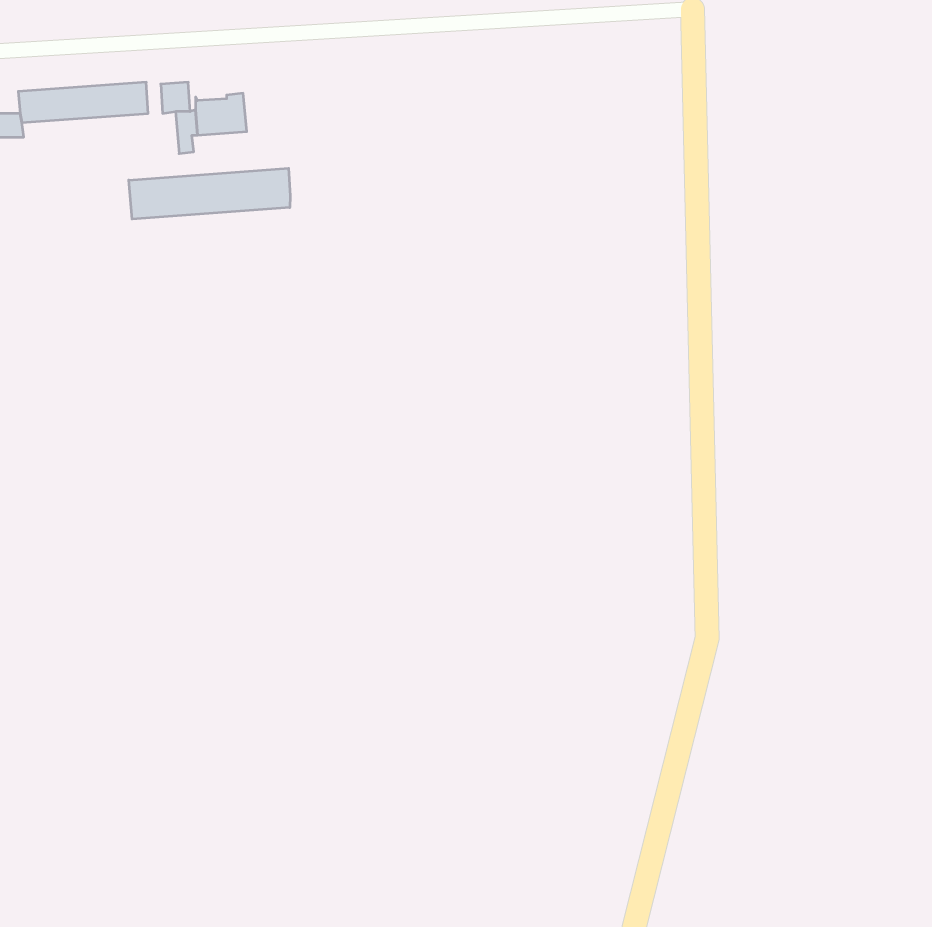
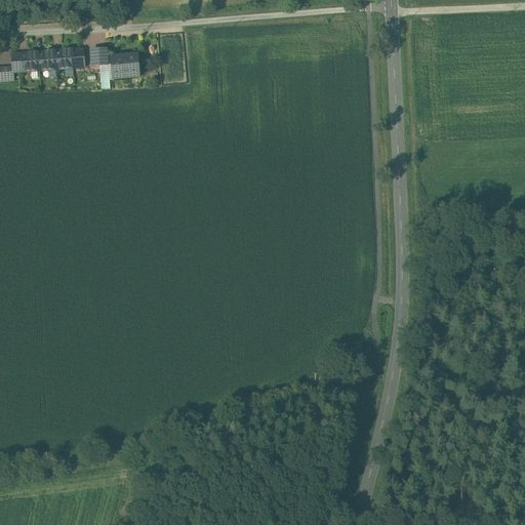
building: [129,168,290,219] -> none

